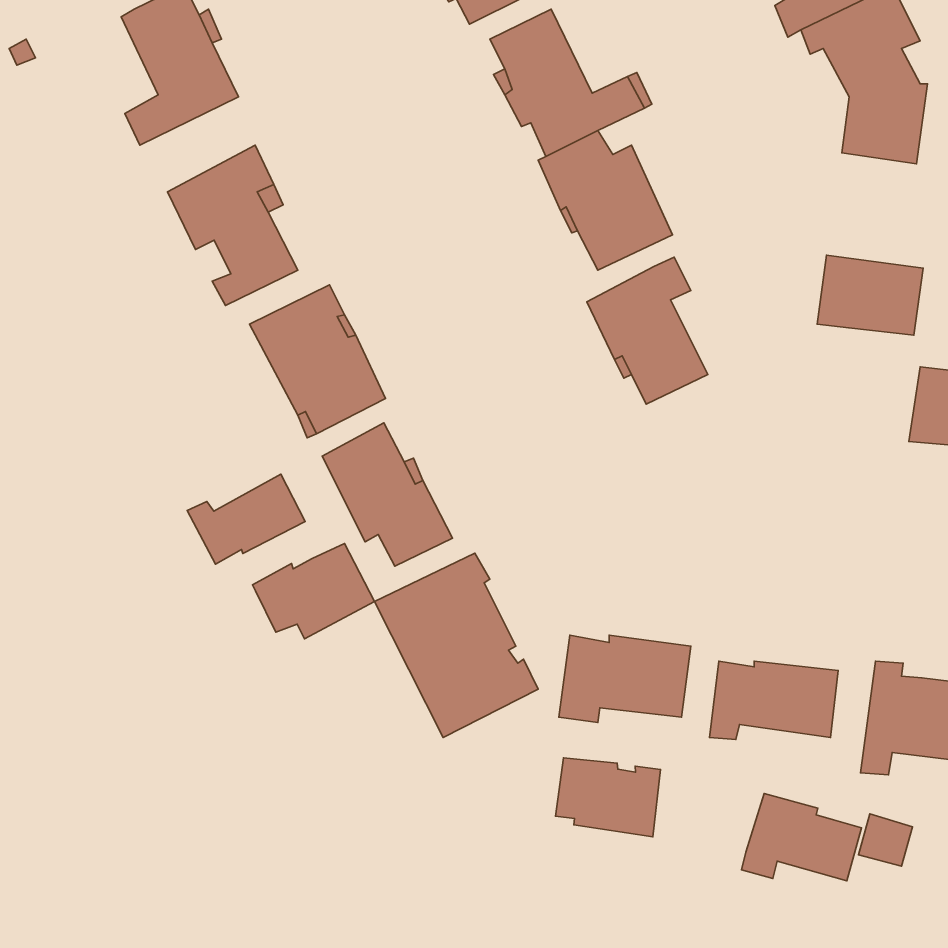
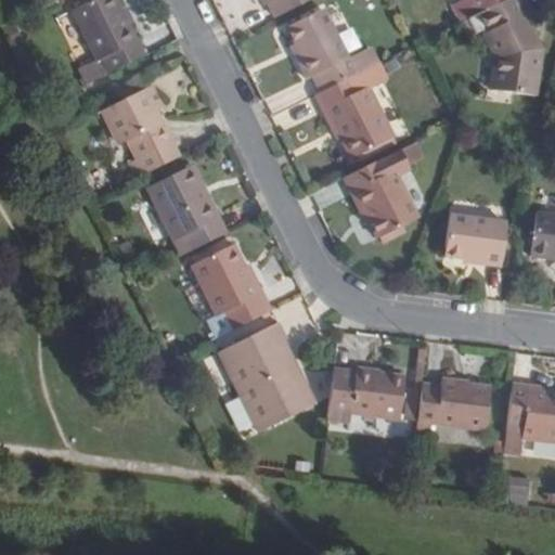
building: [817,255,923,335] -> [444,216,506,262]
building: [187,474,305,564] -> none
building: [253,544,374,639] -> none
building: [555,758,661,837] -> none
building: [741,794,861,881] -> none

